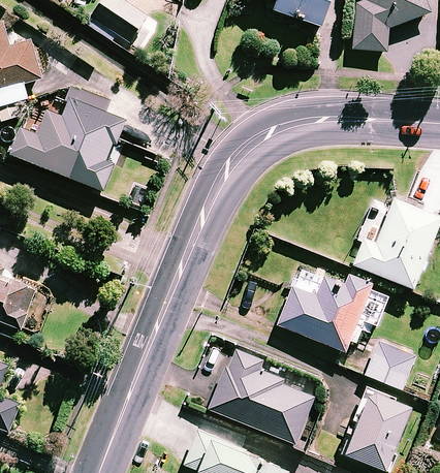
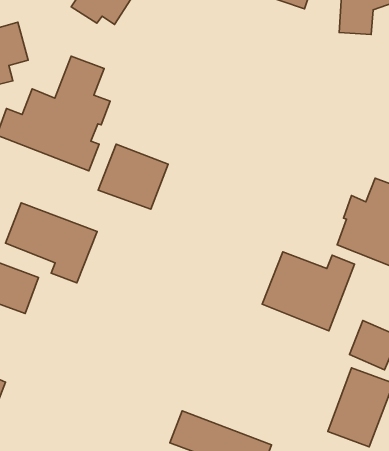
building: none -> [98,144,168,209]
building: none -> [5,203,97,283]
building: [209,350,314,444] -> none

